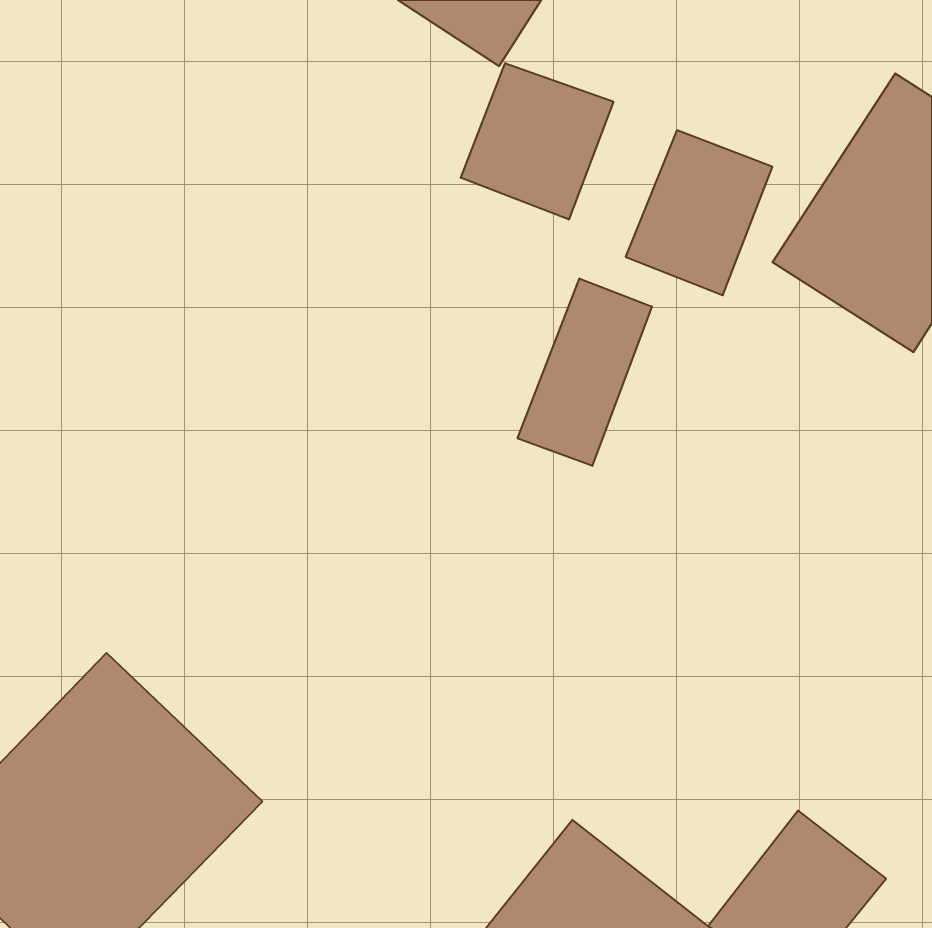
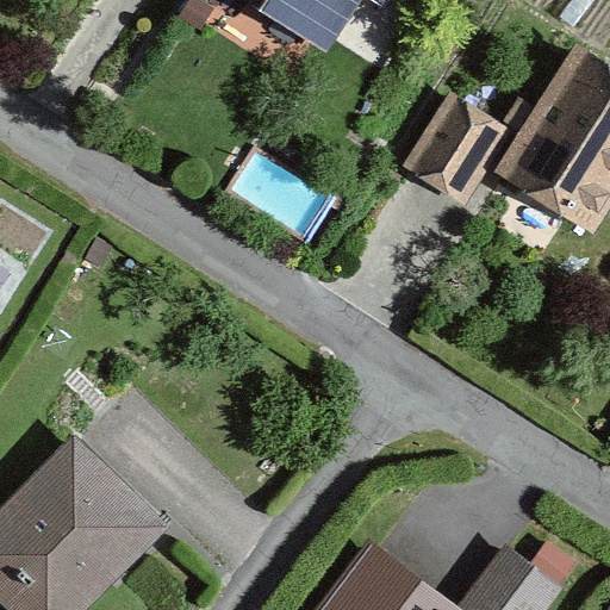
building: [461,63,613,220] -> none
building: [518,278,652,466] -> none

